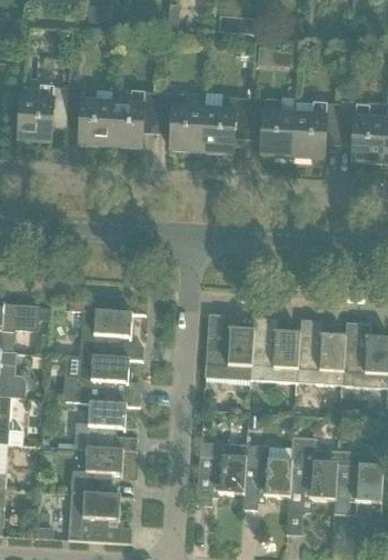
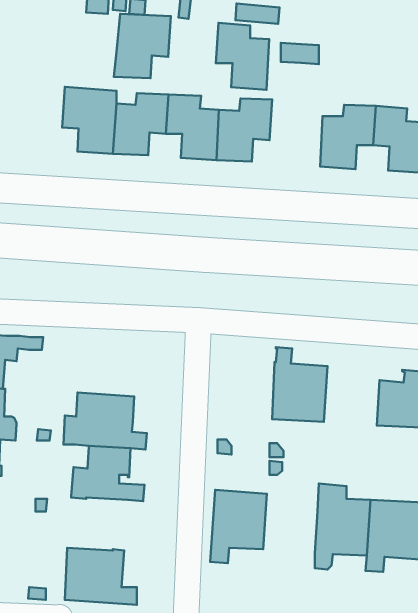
building: [18,84,68,141] -> [114,14,171,78]
building: [248,98,295,157] -> [216,23,269,90]
building: [79,309,146,360] -> none
building: [205,312,252,379] -> none
building: [296,319,345,384] -> none
building: [241,444,290,508] -> none
building: [70,448,123,494] -> none

